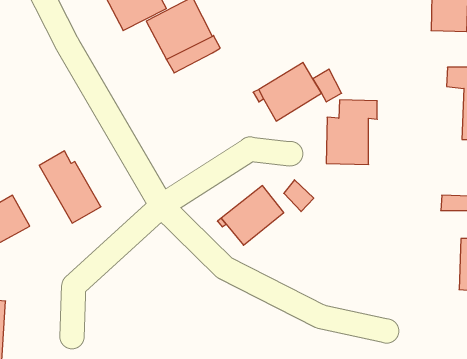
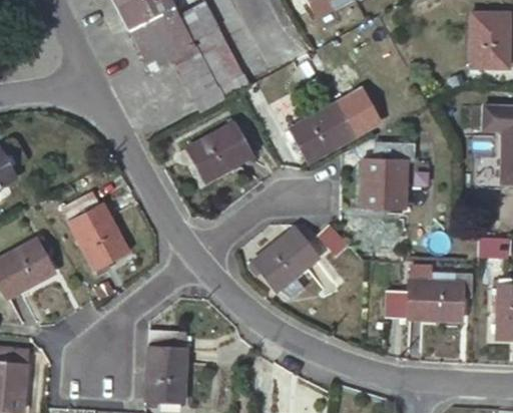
building: none -> [186,122,251,181]
building: none -> [389,265,465,319]
building: none -> [145,329,185,401]

